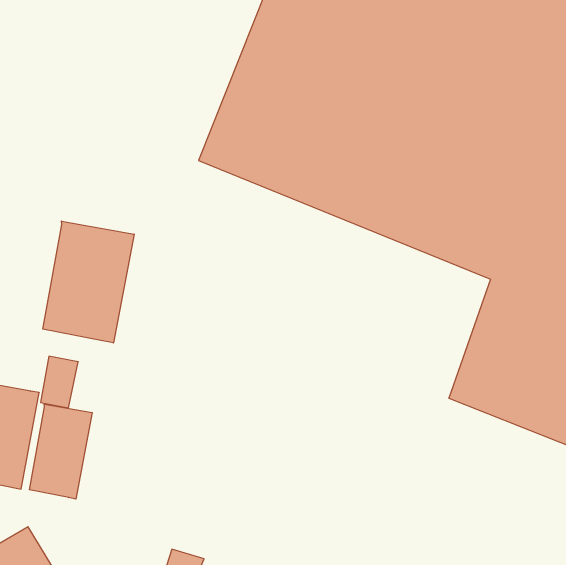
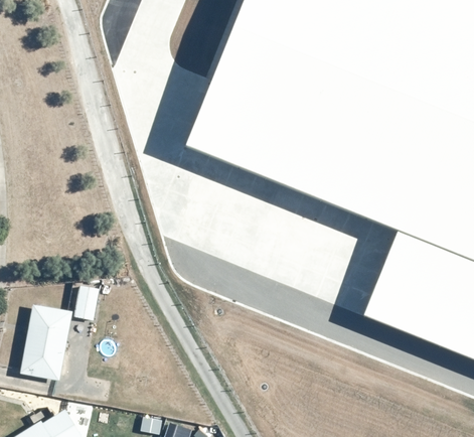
building: [43,221,134,343] -> none
building: [29,404,92,499] -> none

